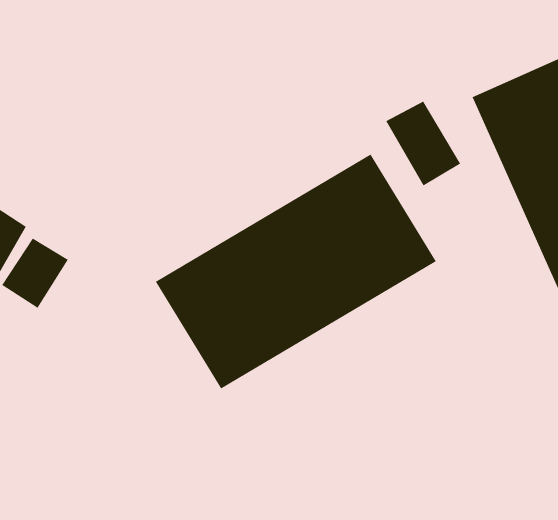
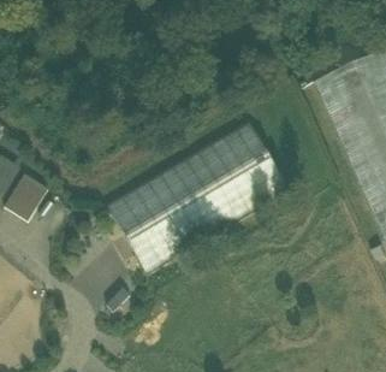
building: [385,100,461,187] -> none

